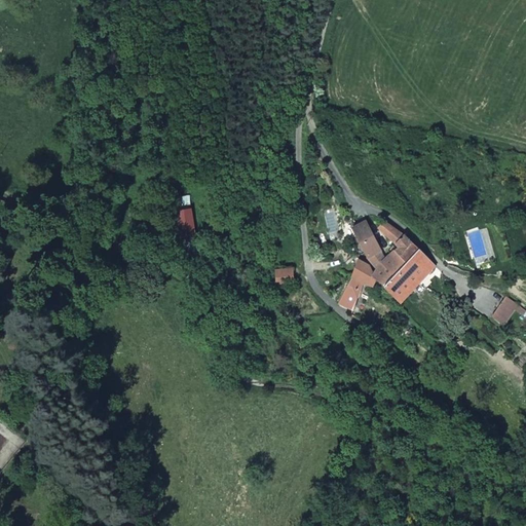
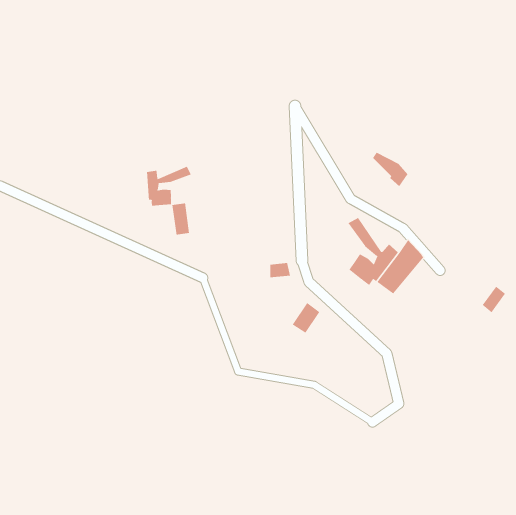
building: none -> [146,166,192,206]
building: [378,222,415,258] -> [372,152,409,187]
building: [339,275,368,307] -> [292,302,320,334]

